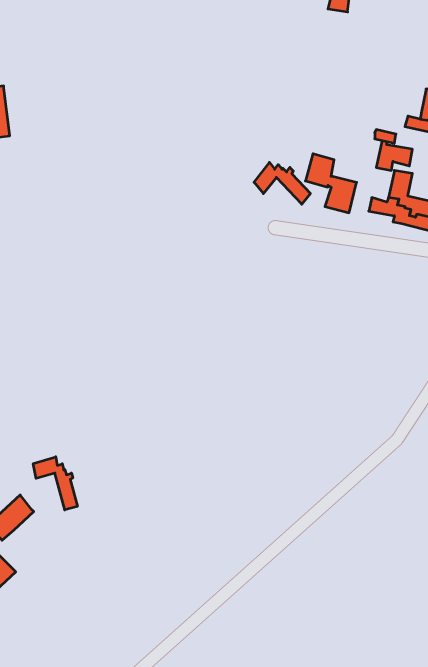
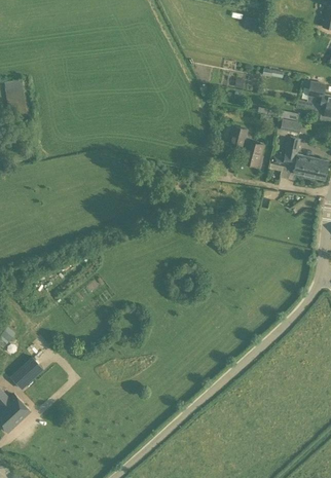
building: [254,162,310,204] -> none
building: [33,457,77,510] -> none

